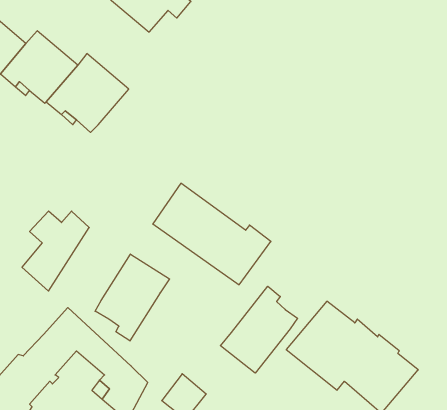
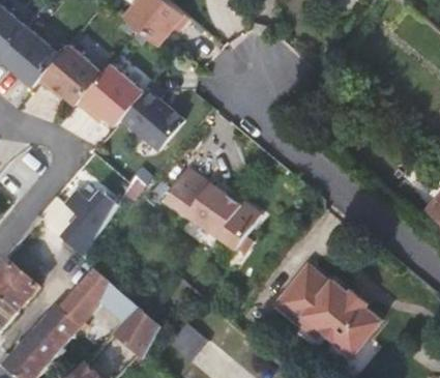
building: none -> [119,86,181,151]
building: [95,254,170,341] -> none
building: [220,286,298,373] -> none

